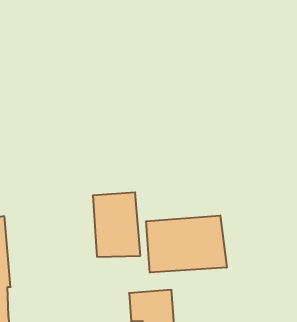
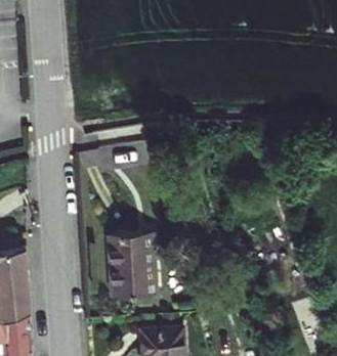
building: [146,215,227,273] -> none

